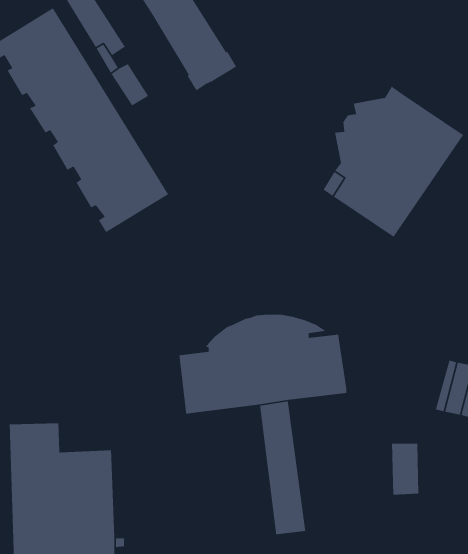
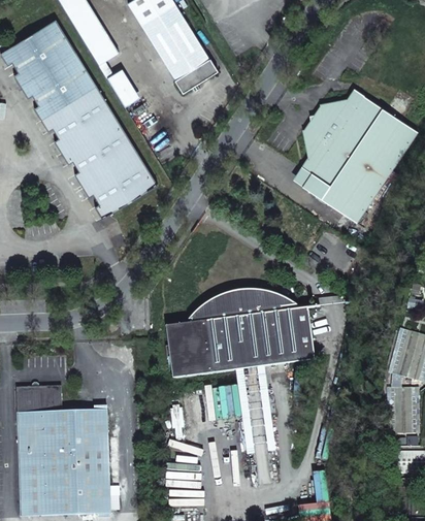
building: [391,443,419,495] -> [390,388,415,434]

